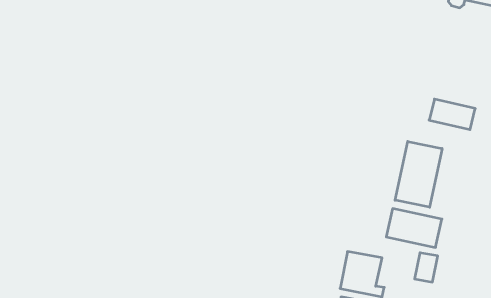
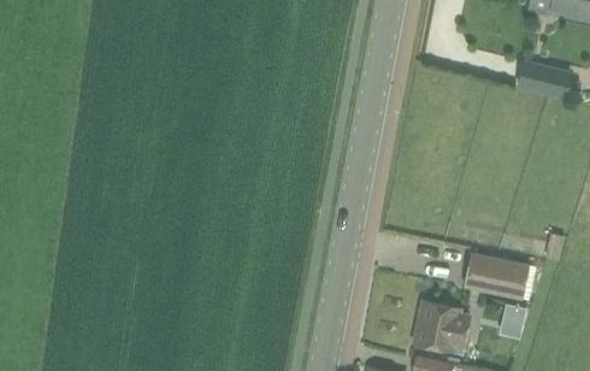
building: [429,99,475,130] -> [518,61,571,96]
building: [395,141,442,207] -> none

